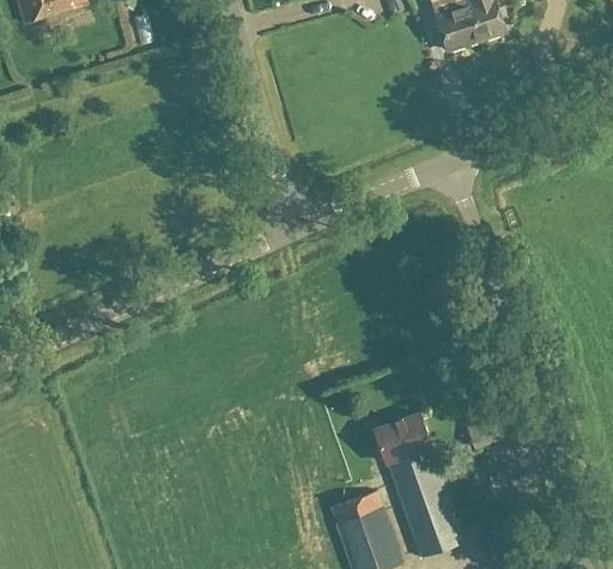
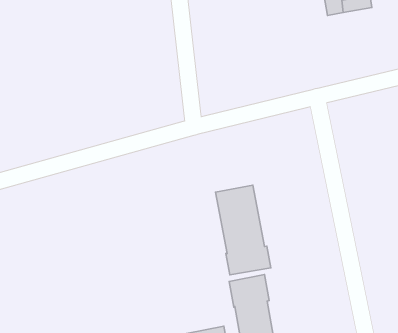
building: none -> [216,185,271,275]

